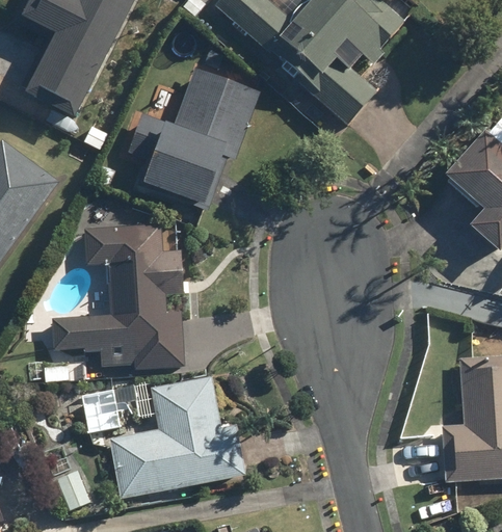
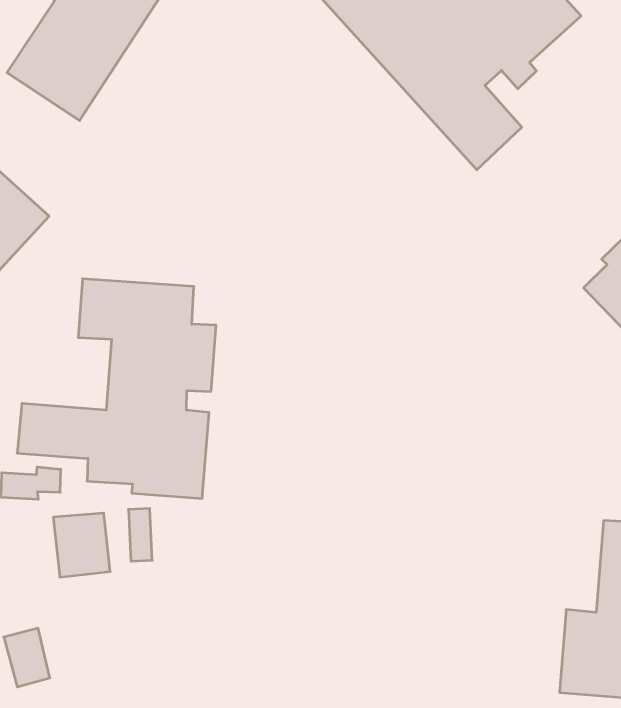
building: [125,69,262,209] -> none
building: [110,375,244,499] -> none

